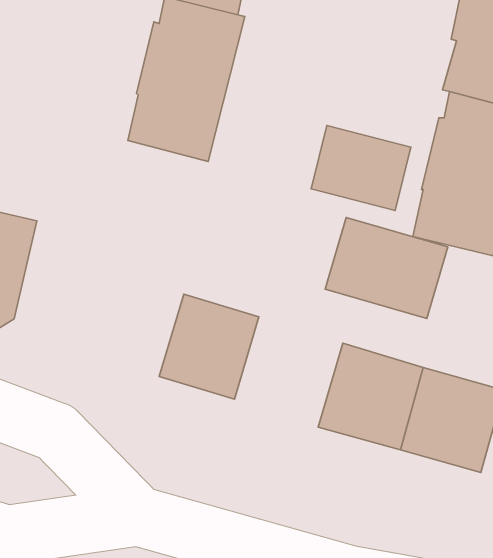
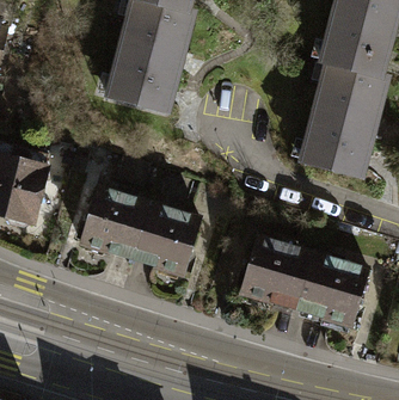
building: [311,126,411,210] -> none
building: [325,217,448,318] -> none
building: none -> [80,189,148,260]

